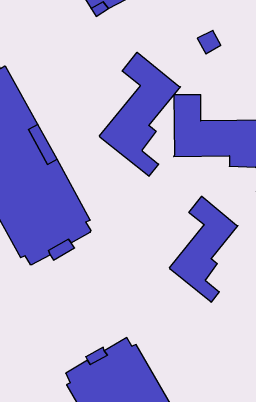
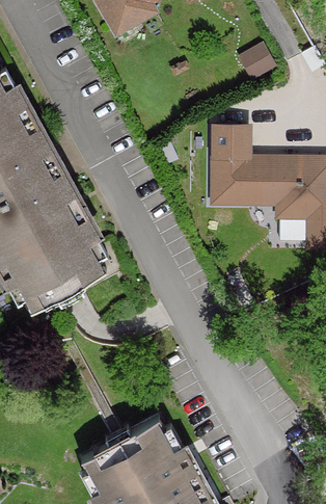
building: [100,52,180,176] -> none
building: [170,196,238,302] -> none

